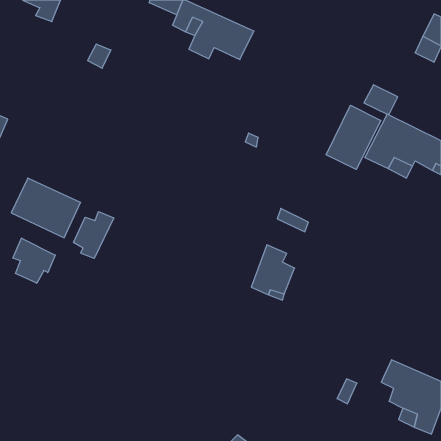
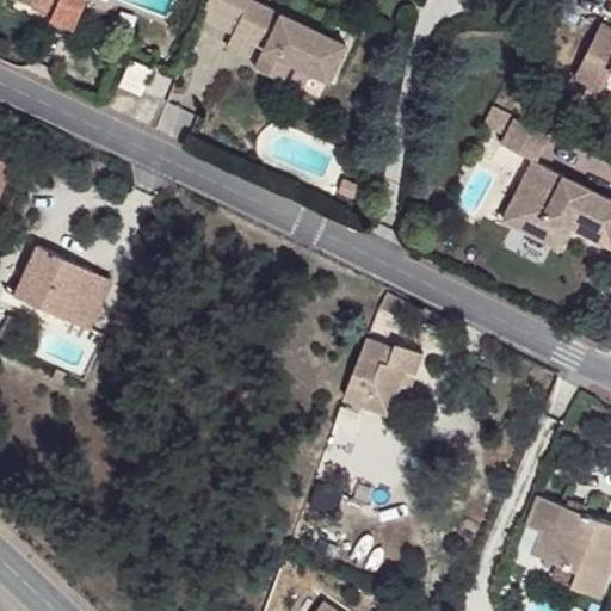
building: [326,105,381,169] -> none
building: [74,212,114,258] -> none
building: [13,238,55,283] -> none

